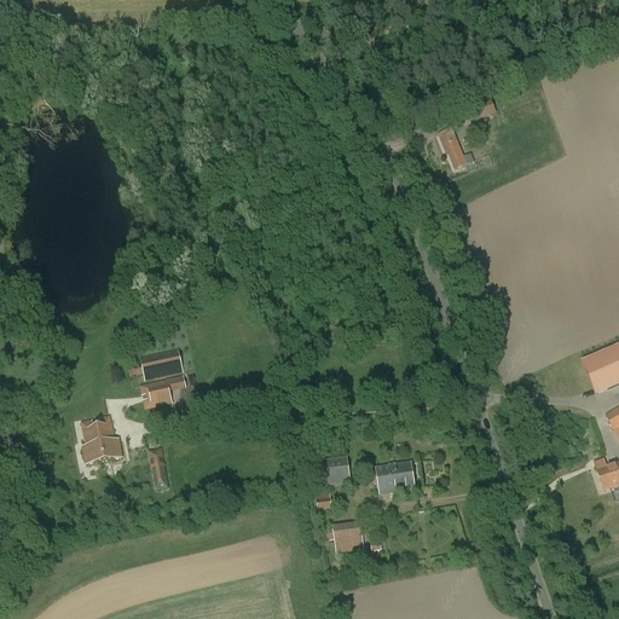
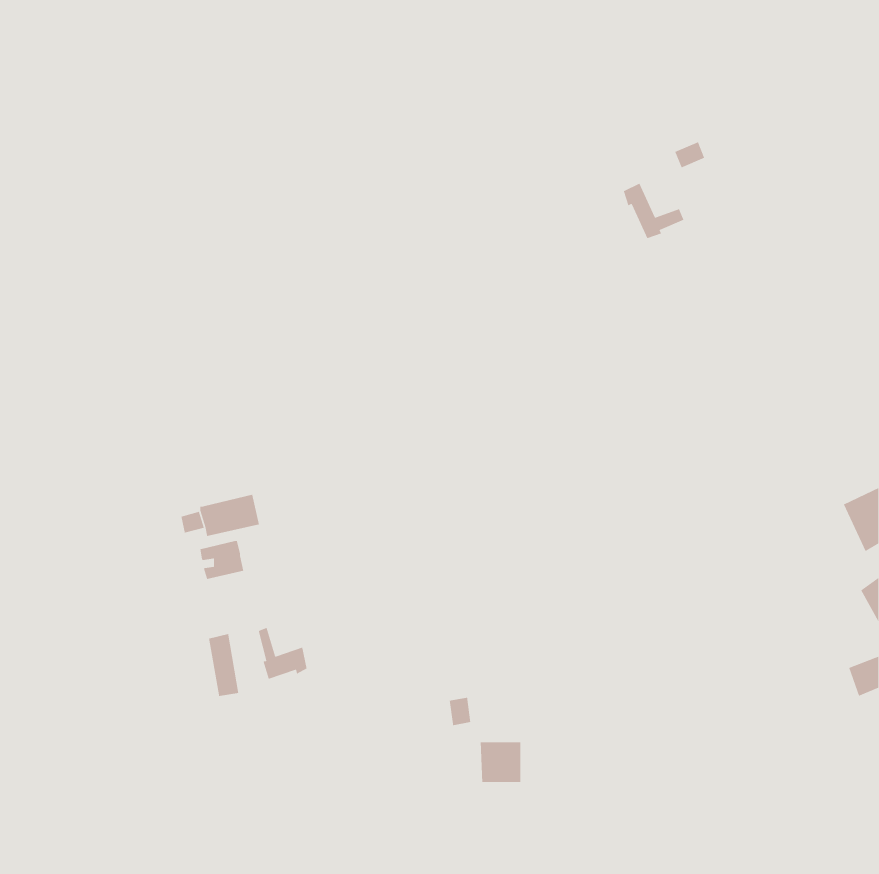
building: [81,416,122,464] -> none
building: none -> [258,627,308,680]
building: [322,455,349,485] -> none
building: [376,463,415,492] -> none

